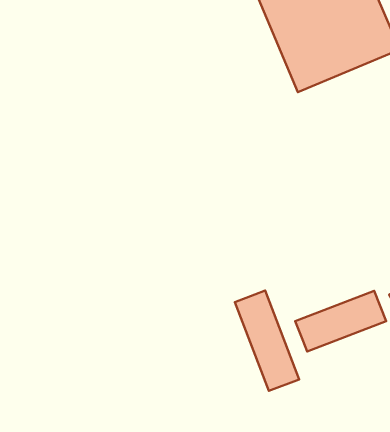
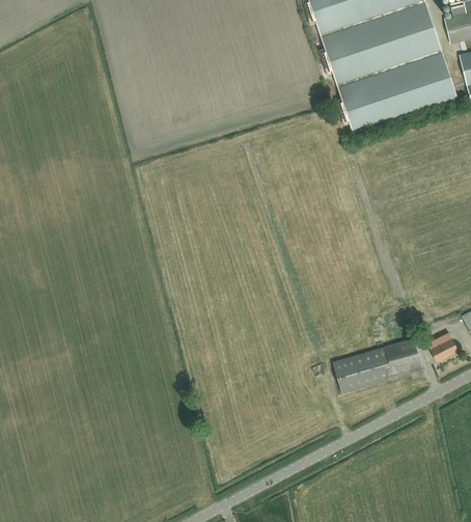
building: [235,291,299,391] -> none

